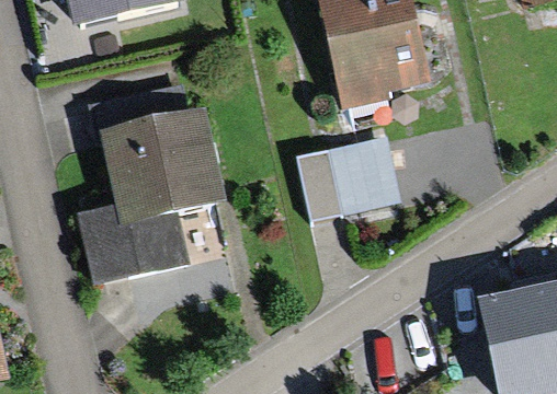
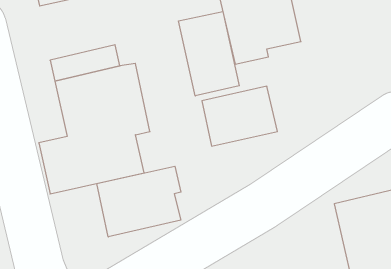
building: none -> [179,12,239,96]
building: none -> [97,166,181,237]

